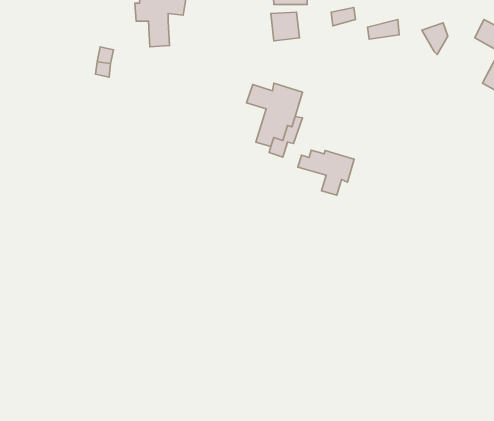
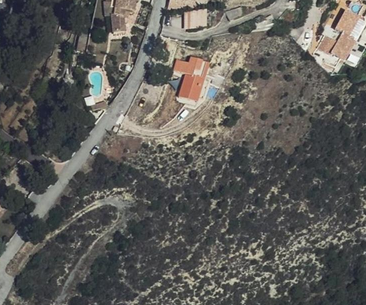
building: [298,150,354,195] -> none

